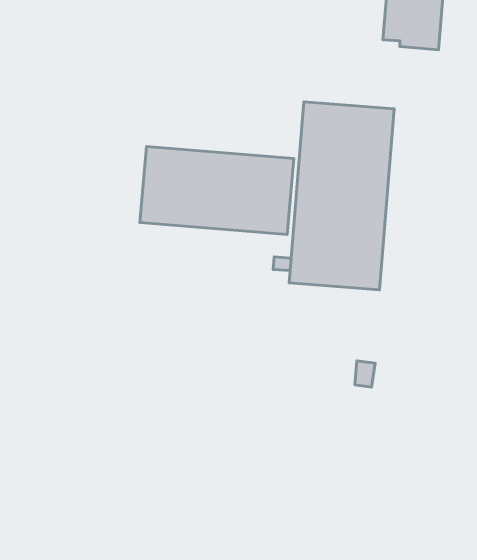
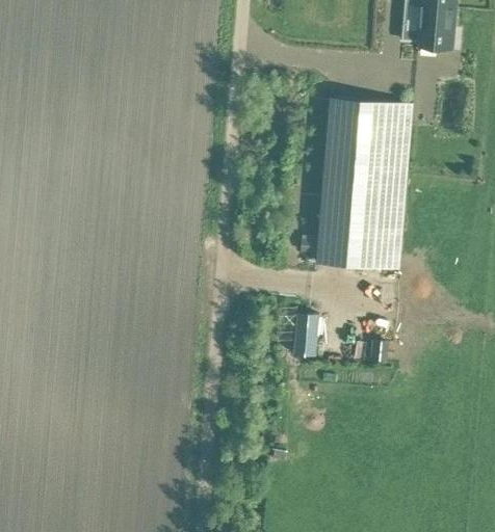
building: [140,146,294,234] -> none
building: none -> [295,313,320,355]

